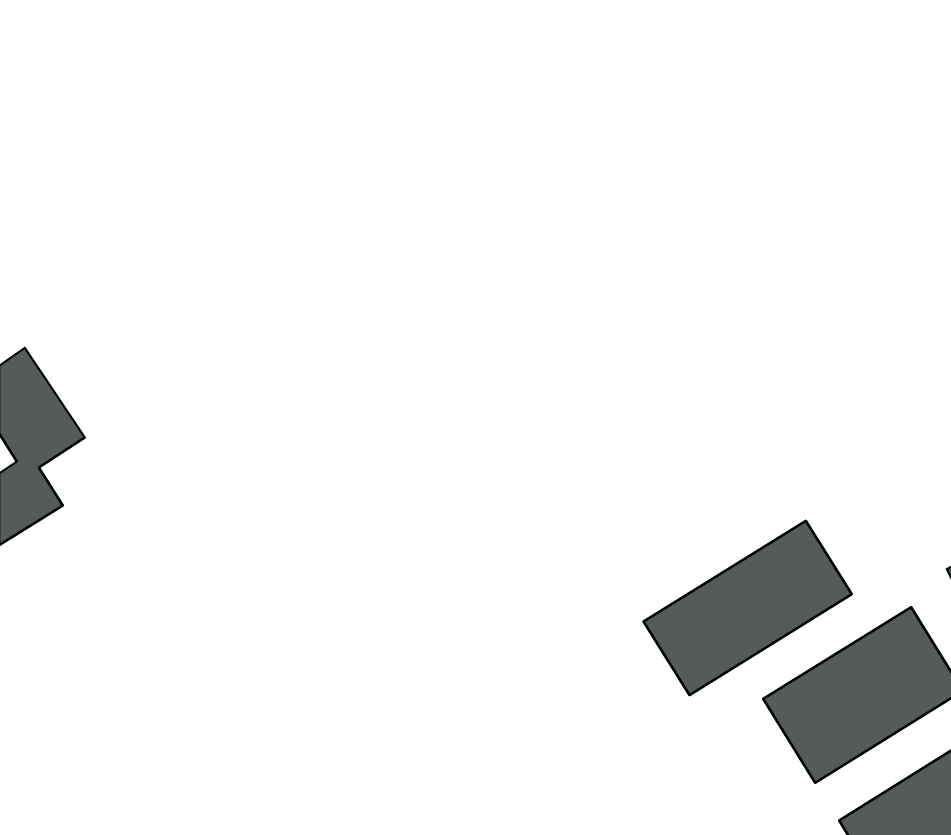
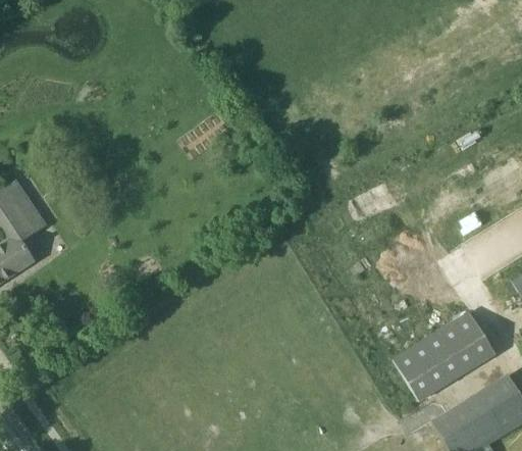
building: [644,521,852,695] -> none

